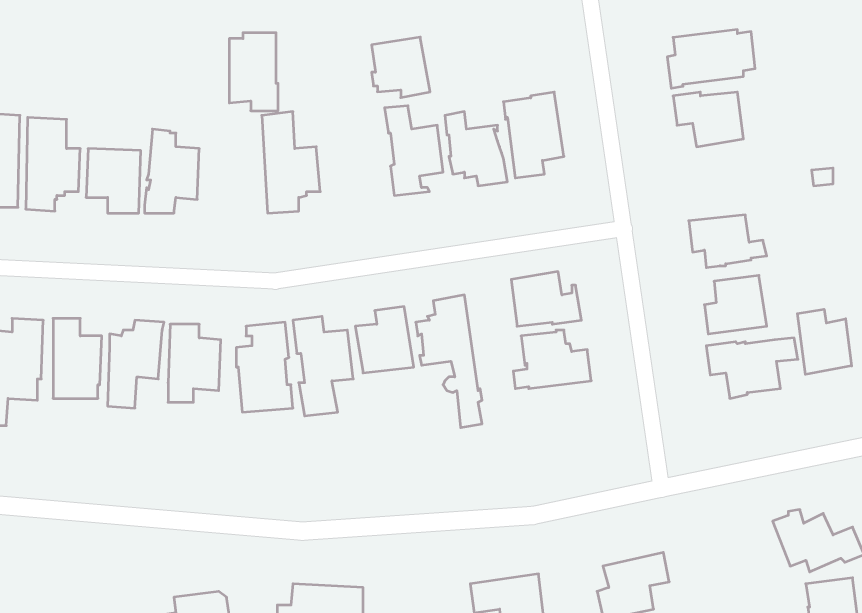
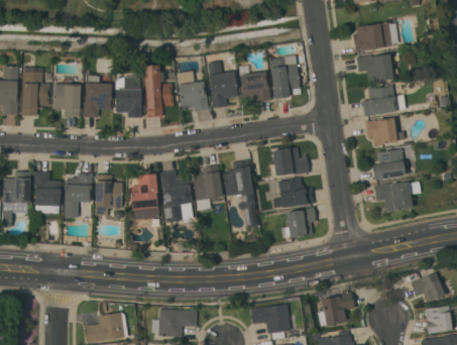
building: [229,33,278,111] -> [116,77,141,117]
building: [372,37,430,98] -> [179,81,209,112]
building: none -> [362,85,406,116]
building: [797,309,852,374] -> none
building: none -> [281,207,316,238]

